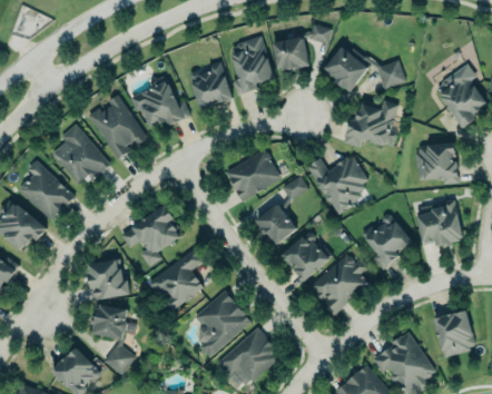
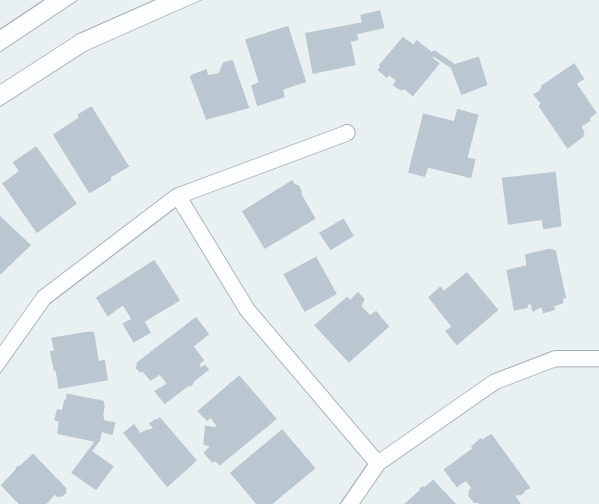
building: [129,81,190,128] -> none
building: [307,156,370,215] -> none
building: [311,253,368,315] -> none
building: [433,311,476,357] -> none
building: none -> [122,416,198,488]

